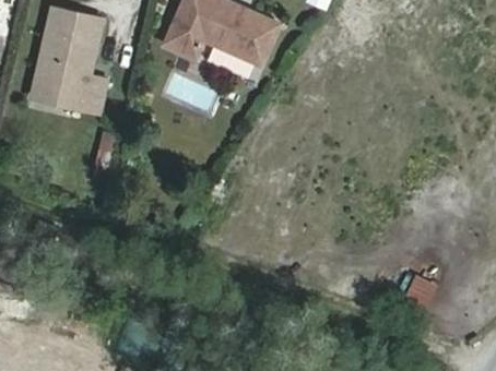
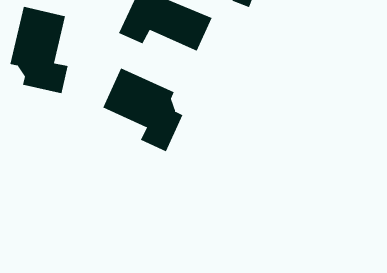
building: none -> [103,68,183,152]

